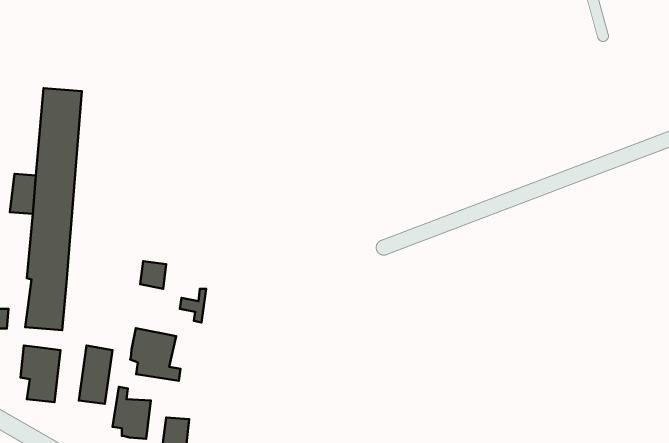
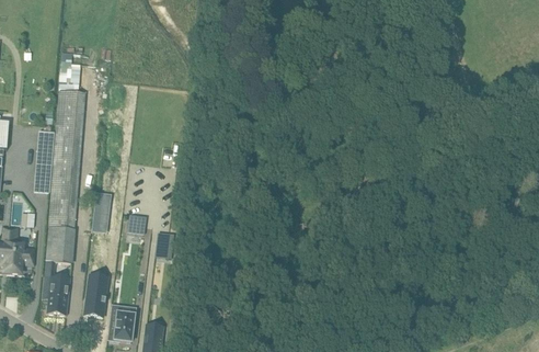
building: none -> [93,192,112,222]
building: [130,328,180,381] -> none

